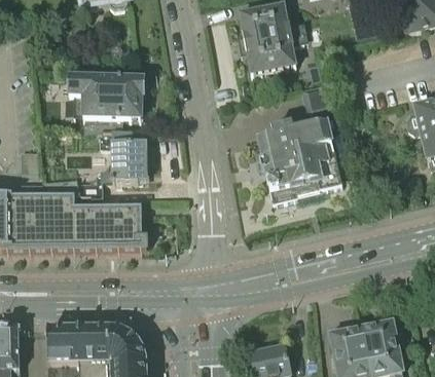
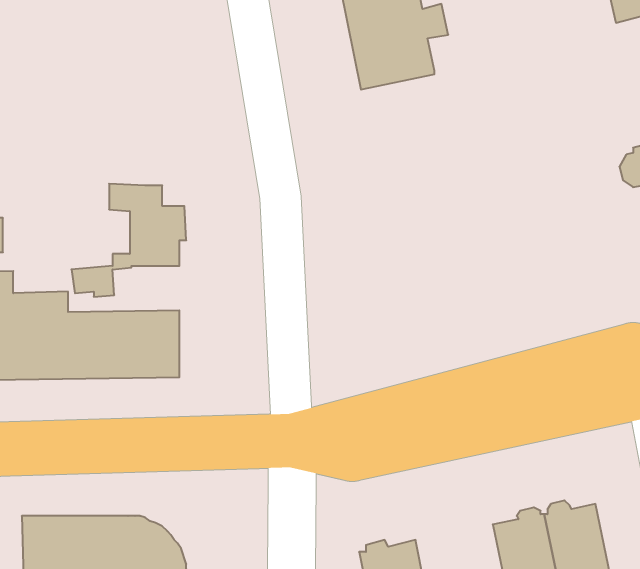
building: [58,75,142,129] -> none
building: [258,78,341,200] -> none

